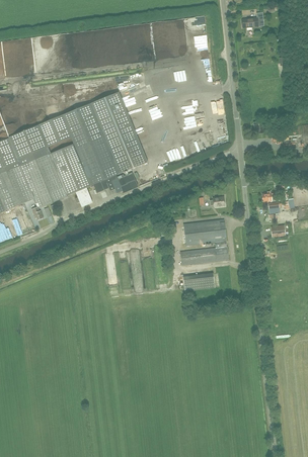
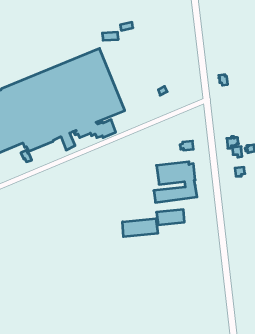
building: none -> [123,219,158,237]

